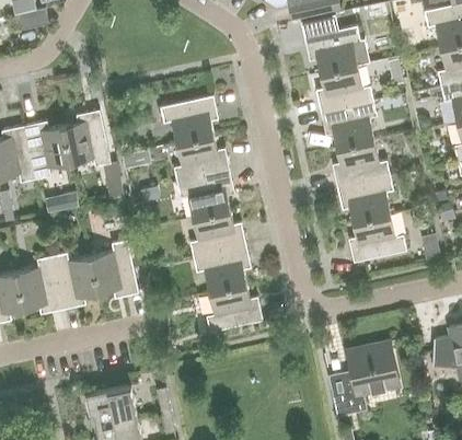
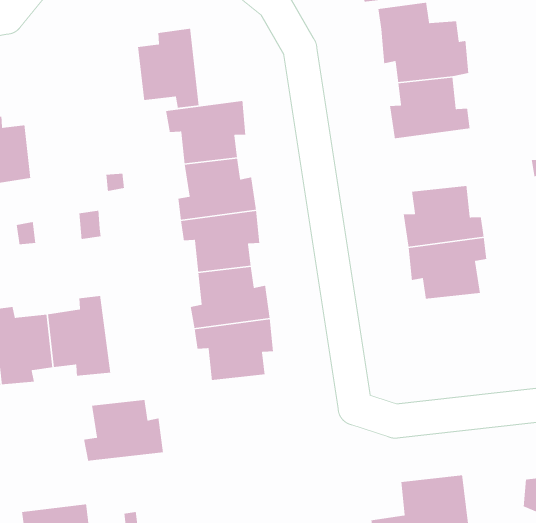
building: [321,101,377,148] -> none
building: [63,109,111,166] -> [137,28,200,109]
building: [348,215,406,263] -> none
building: [206,285,263,332] -> [83,399,164,461]

